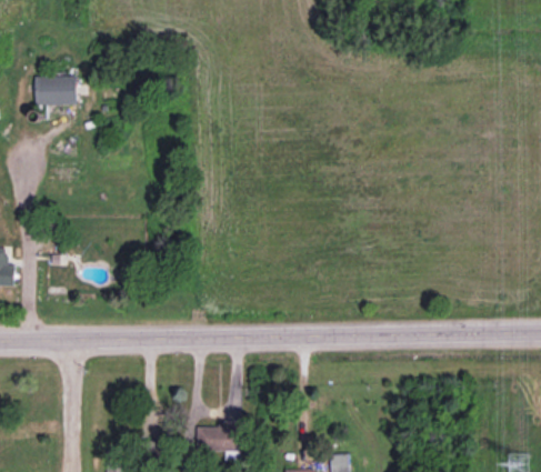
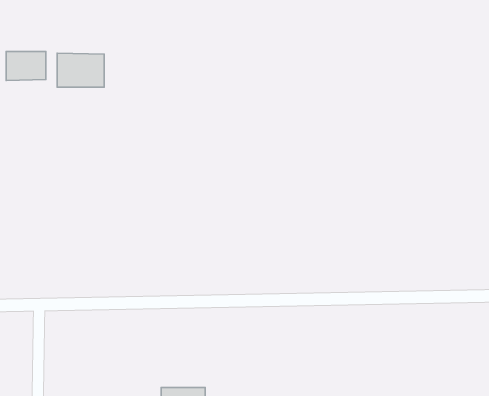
building: none -> [57,53,104,87]

